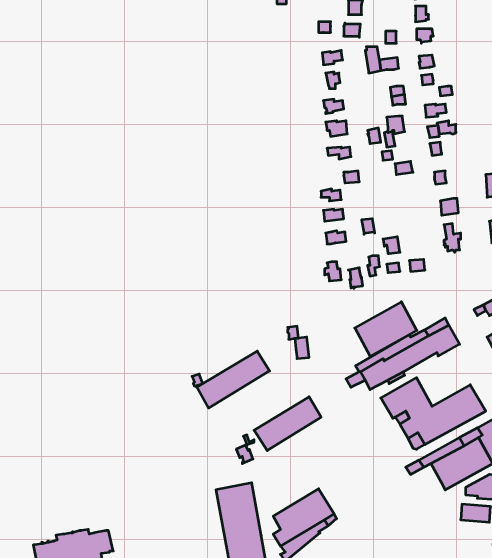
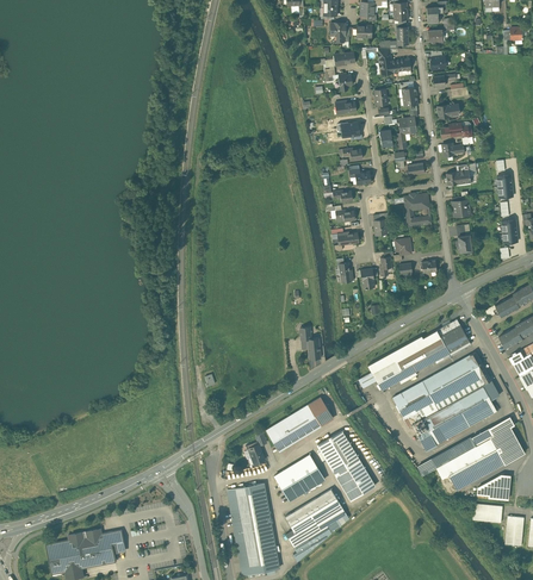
building: none -> [404,193,430,225]
building: [355,302,417,357] -> [428,351,490,406]
building: [197,351,270,408] -> none
building: none -> [317,430,374,499]
building: none -> [274,454,324,500]

